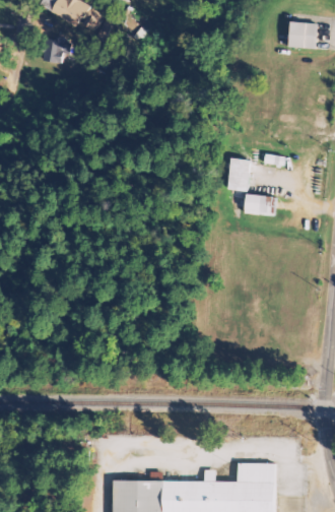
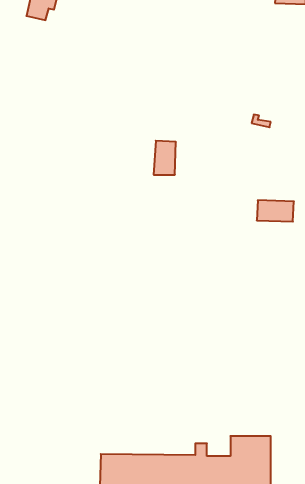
building: [225,159,247,192] -> [154,141,176,175]
building: [242,196,277,216] -> [257,200,294,222]

